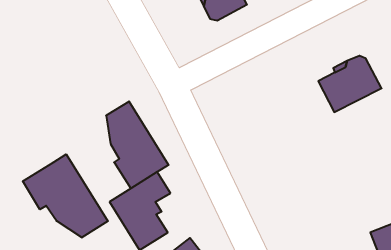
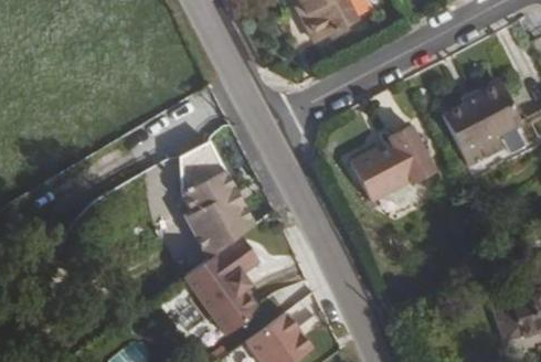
building: none -> [350,127,435,202]
building: [23,154,108,238] -> none

